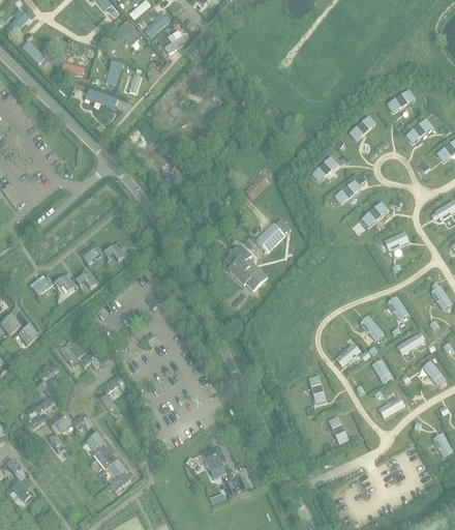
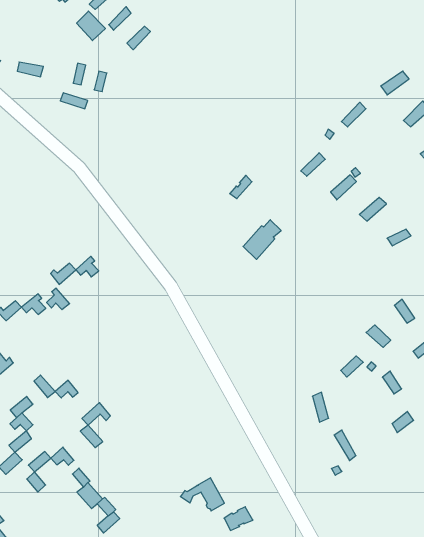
building: [224,243,266,291] -> none

